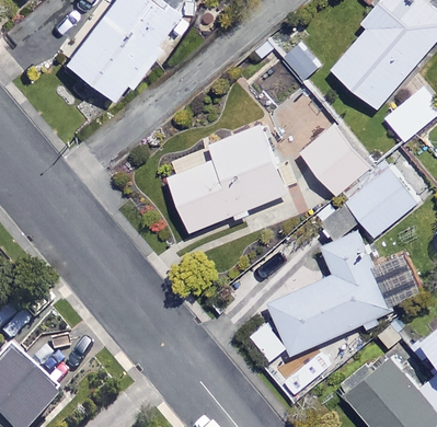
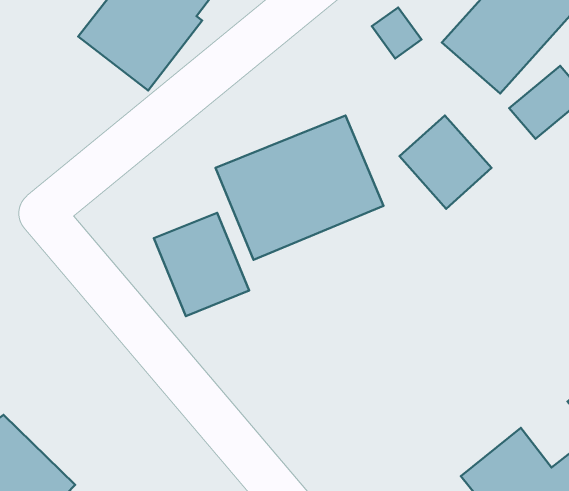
building: [346,168,416,235] -> none
building: none -> [154,213,249,316]
building: [272,230,425,354] -> none

